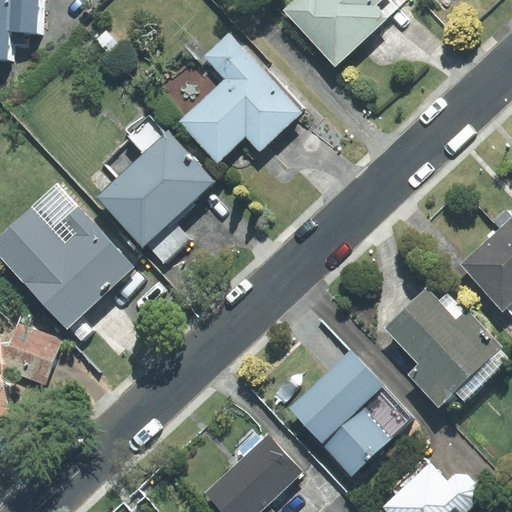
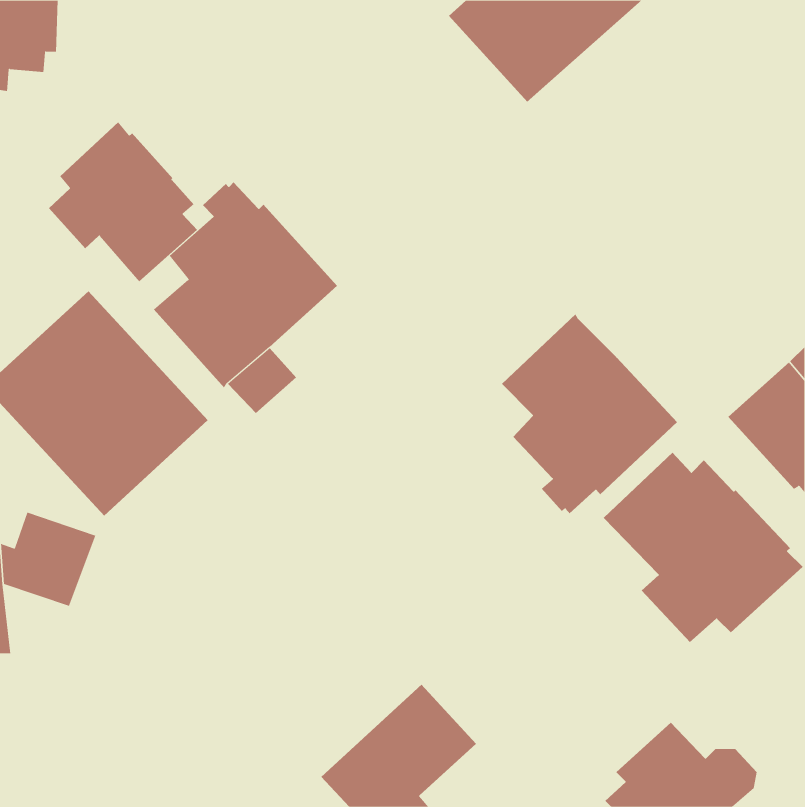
building: [179,34,301,161] -> none
building: none -> [48,122,198,282]
building: none -> [501,313,678,514]
building: [288,351,412,475] -> none

